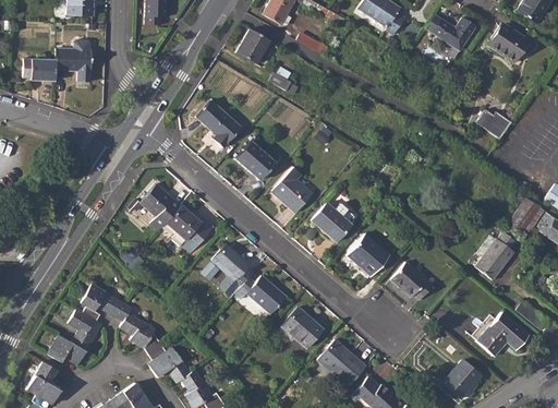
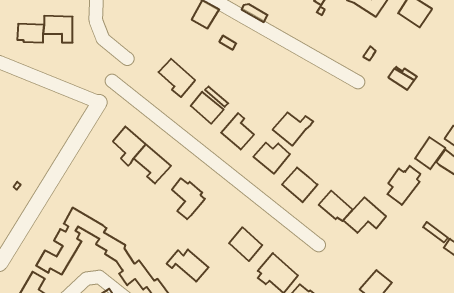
building: none -> [273,112,313,146]
building: [235,275,287,314] -> [167,249,209,282]
building: [476,312,529,356] -> [343,197,386,233]

